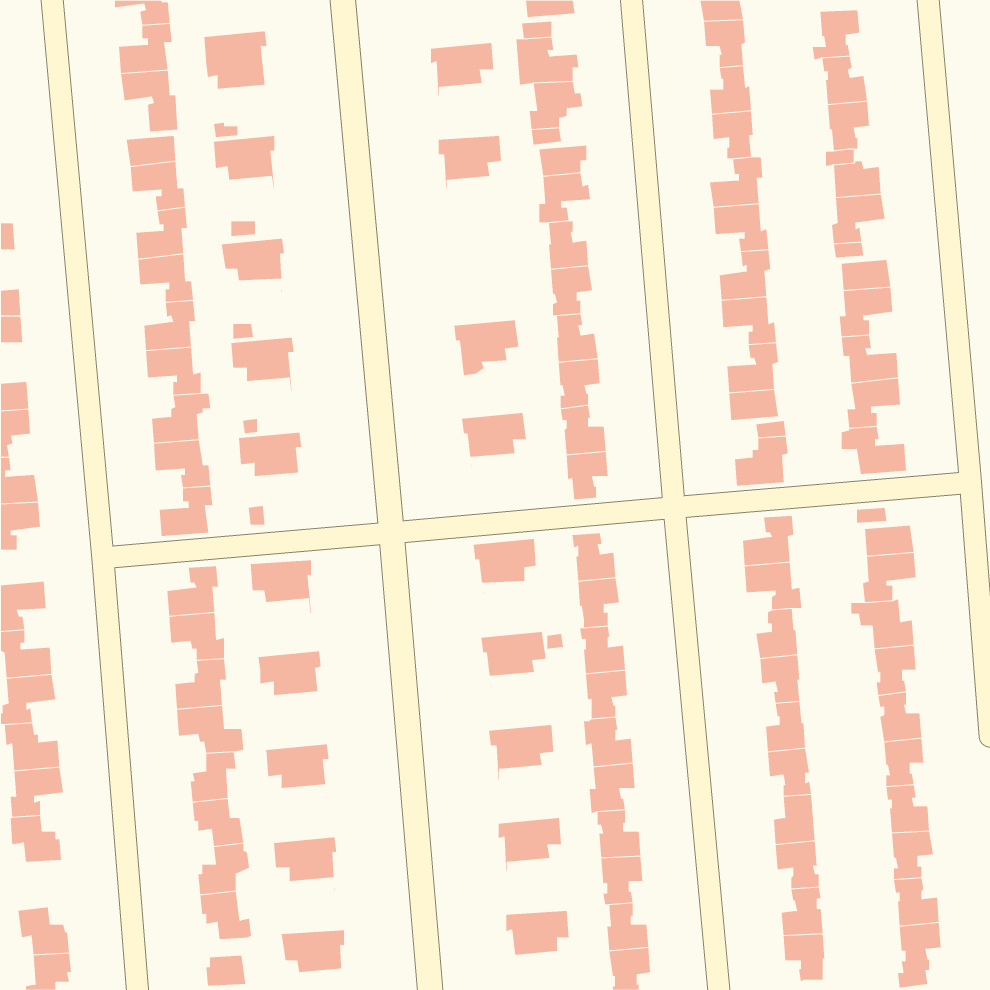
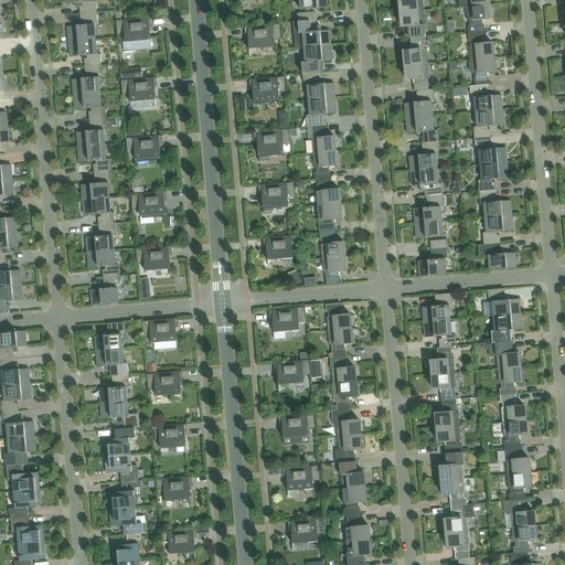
building: none -> [254,129,291,161]
building: none -> [10,490,36,519]

